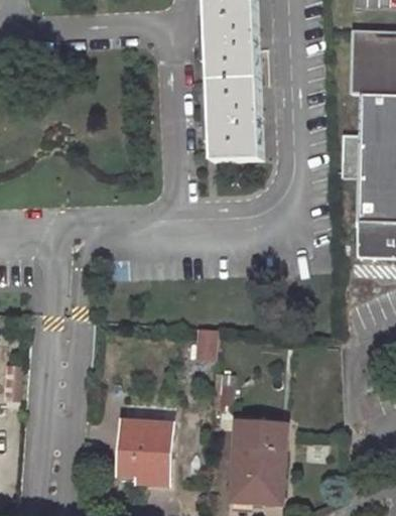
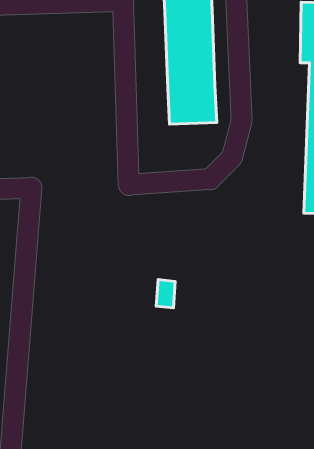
building: [117,421,171,476] -> none
building: [230,421,282,497] -> none

